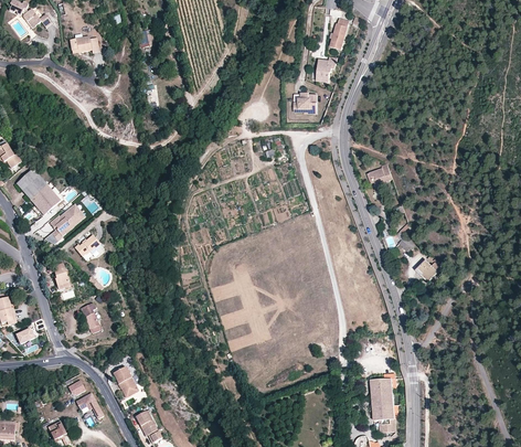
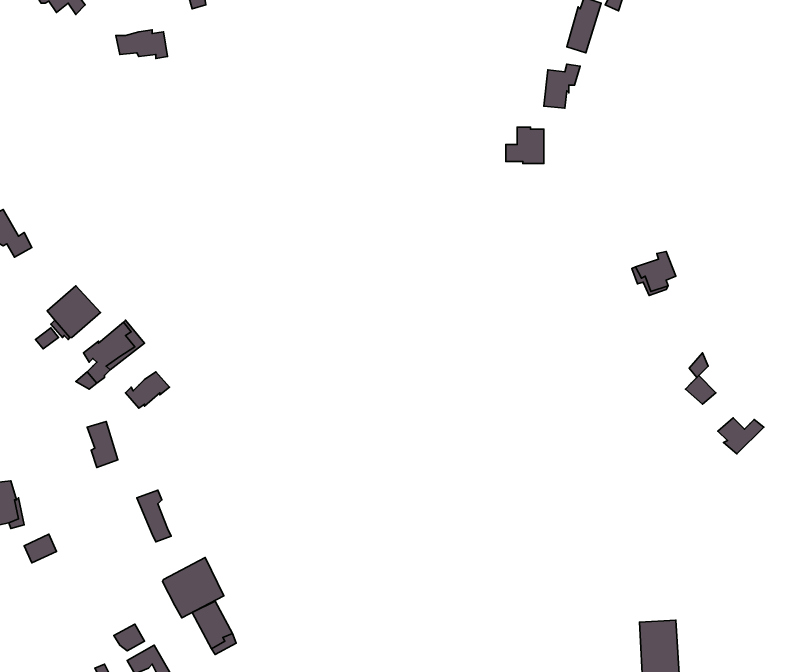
building: [15,169,45,199] -> none
building: none -> [163,557,224,618]

